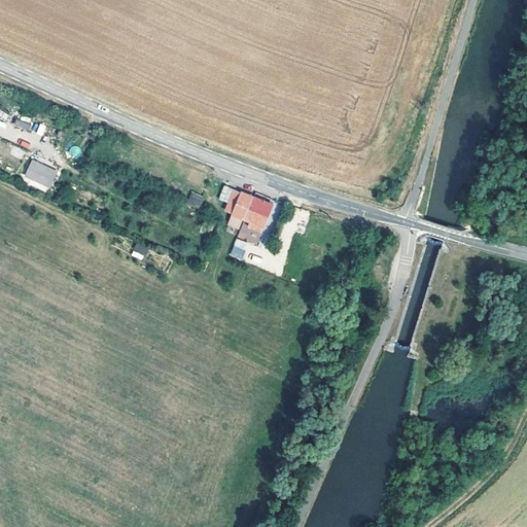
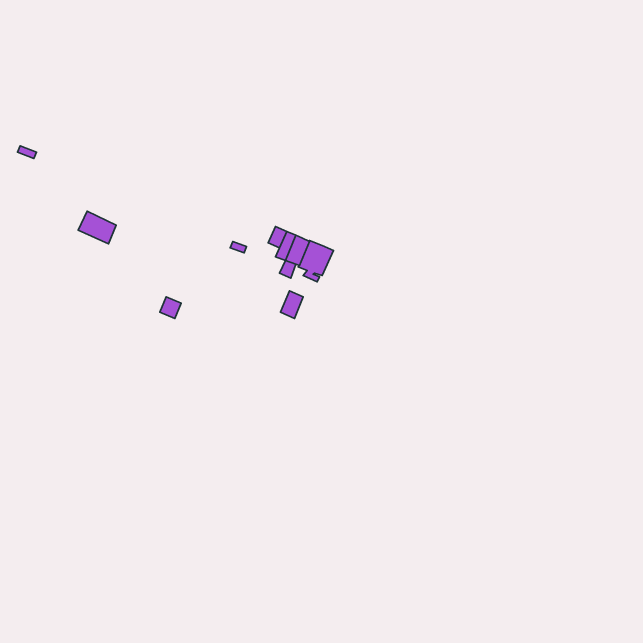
building: [26,160,57,186] -> [78,211,116,244]

